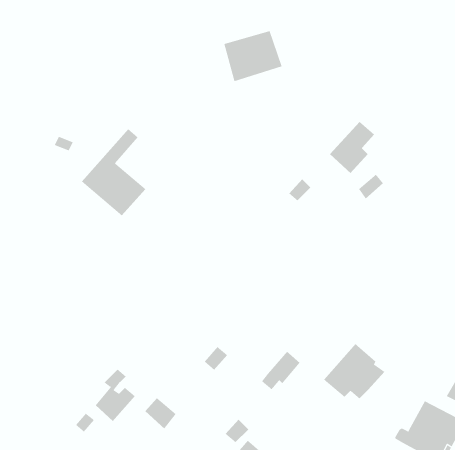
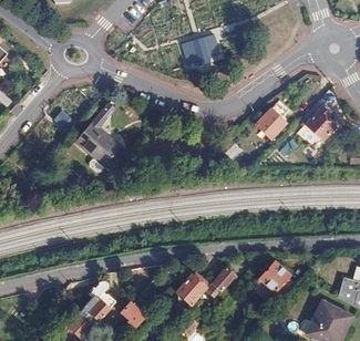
building: none -> [307,103,335,140]
building: none -> [176,270,210,304]

